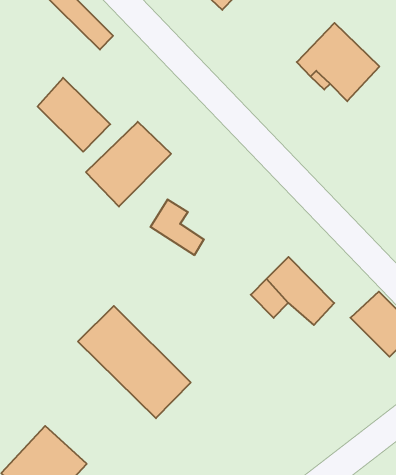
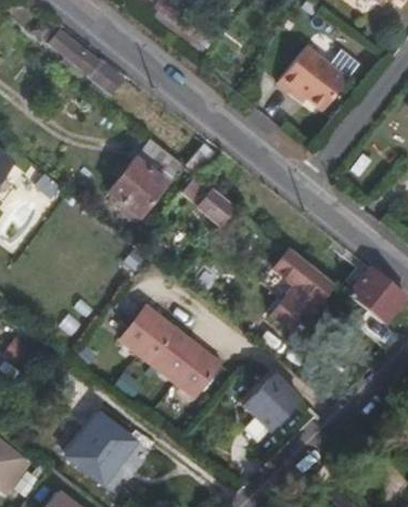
building: [38,78,110,152] -> none
building: [150,199,204,255] -> [183,174,230,218]
building: none -> [271,287,318,338]
building: none -> [242,370,302,431]

